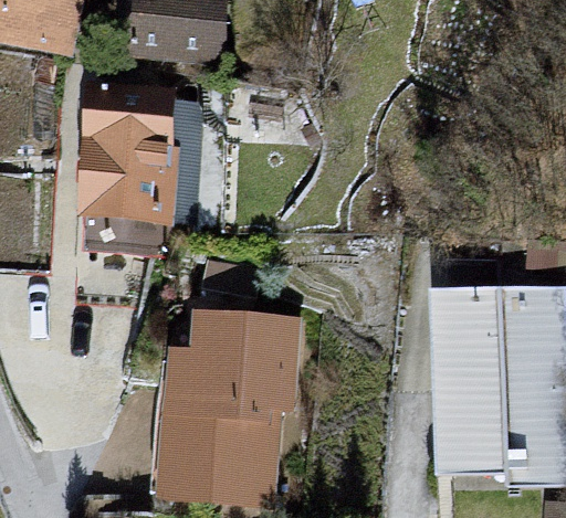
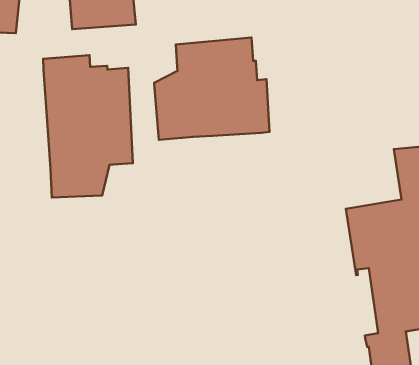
building: none -> [154,38,270,140]
building: [174,324,294,465] -> none

